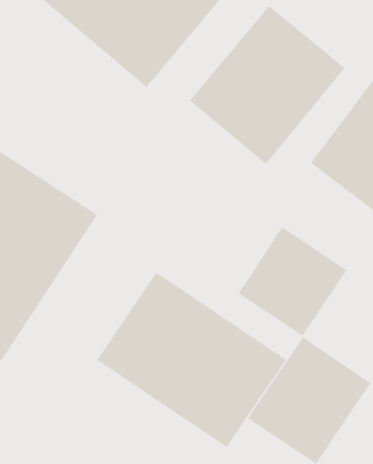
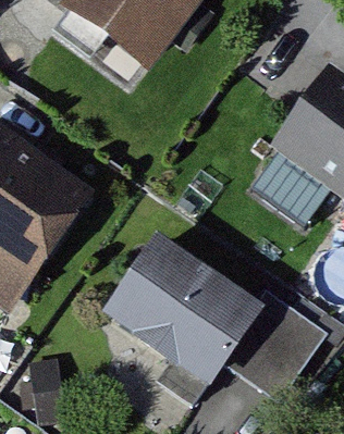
building: [189,5,346,165] -> none
building: [238,226,347,336] -> none

